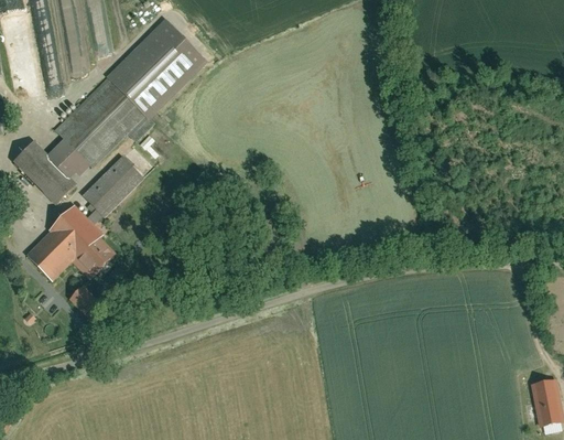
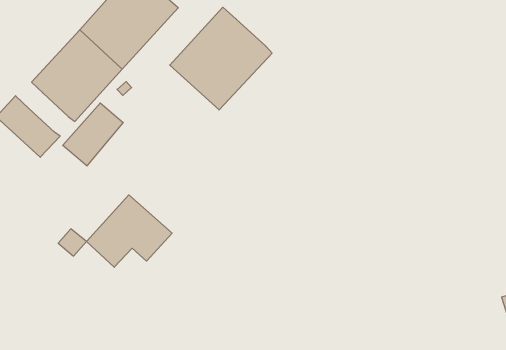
building: none -> [170,7,272,110]
building: [47,139,88,181] -> none
building: [26,207,117,282] -> [86,195,172,267]

